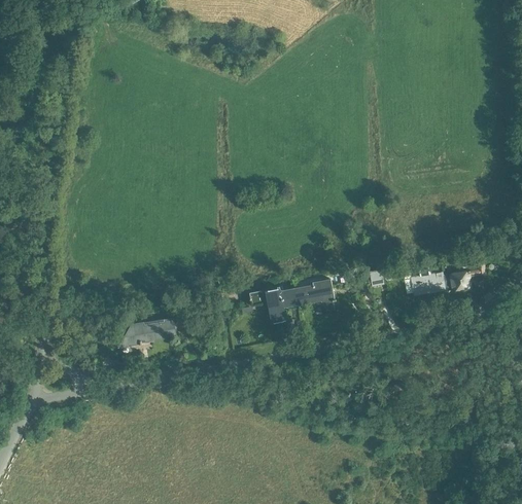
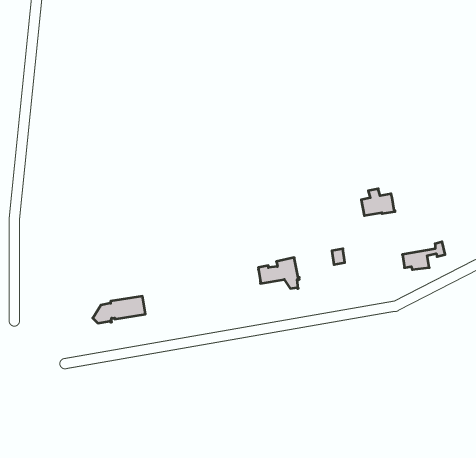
building: [409,266,444,294] -> [361,189,395,216]
building: [245,287,293,324] -> none

